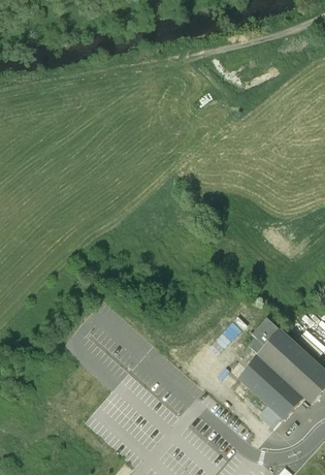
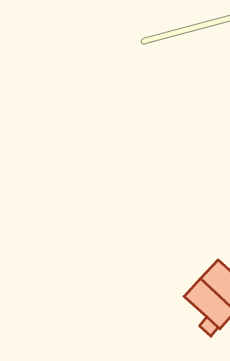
building: [247,319,282,355] -> none

